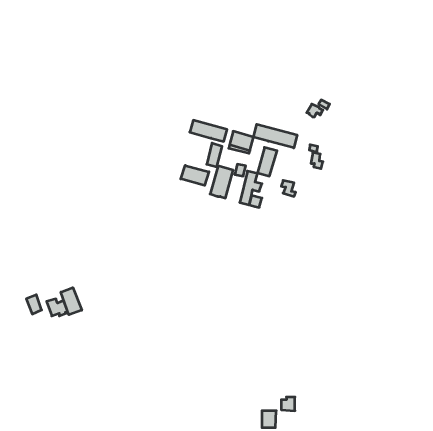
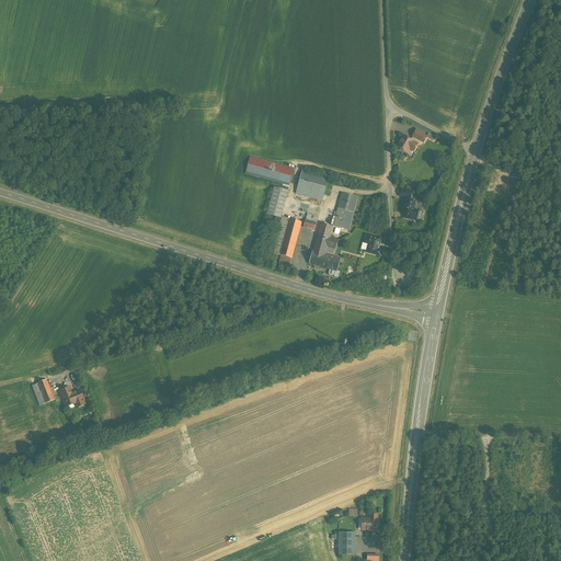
building: [253,124,297,148] -> none
building: [181,165,209,185] -> none
building: [61,288,82,315] -> none

